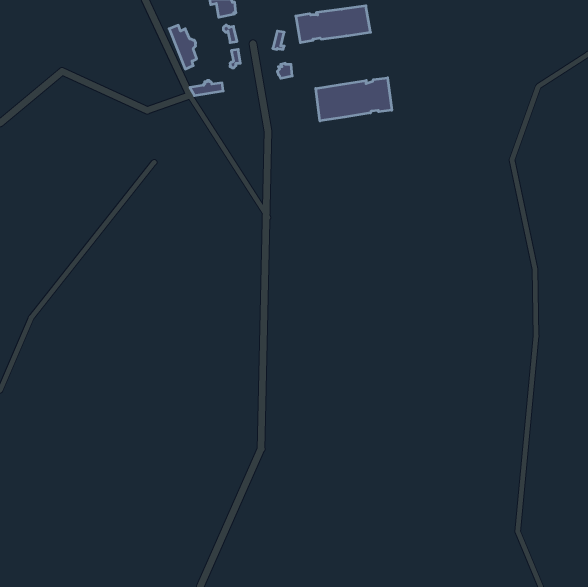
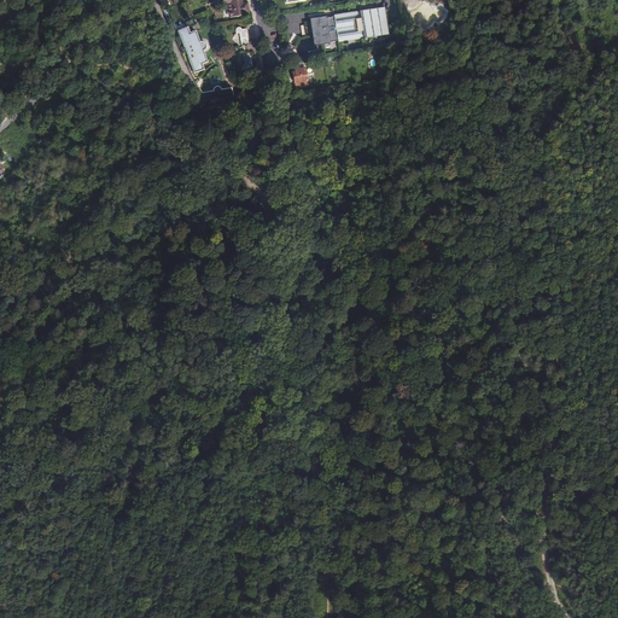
building: [316,78,392,121] -> none

